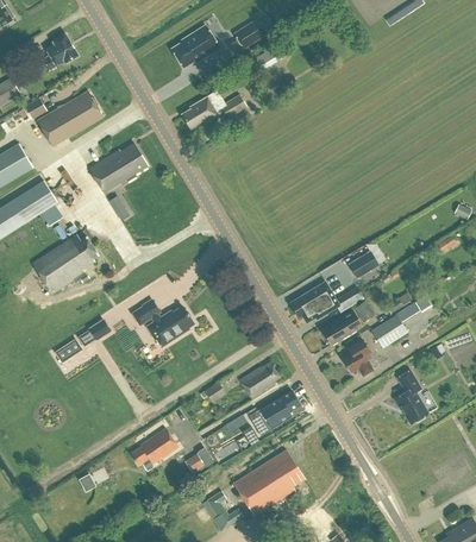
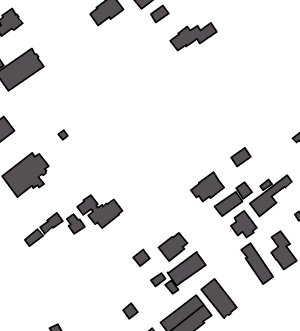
building: [181,94,246,128] -> [170,23,217,51]
building: [88,143,148,195] -> none
building: none -> [241,243,273,284]
building: [132,428,177,471] -> none
building: none -> [201,279,237,318]

